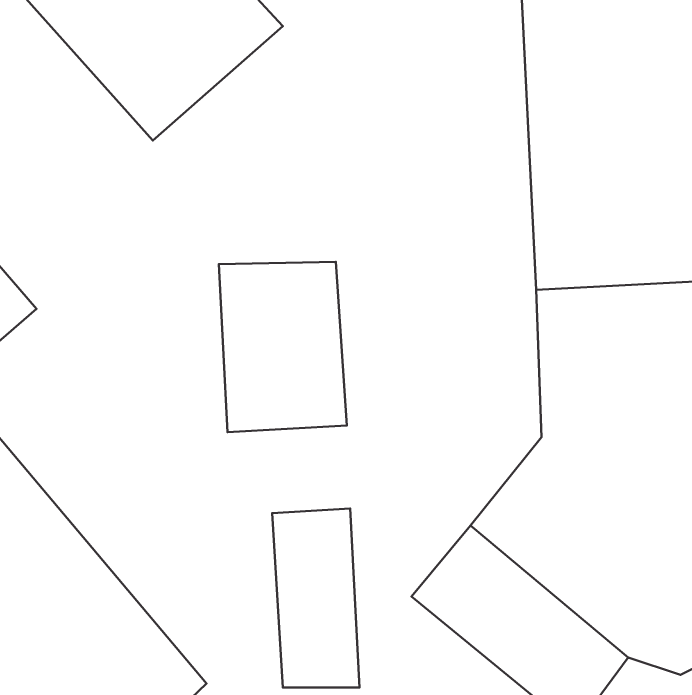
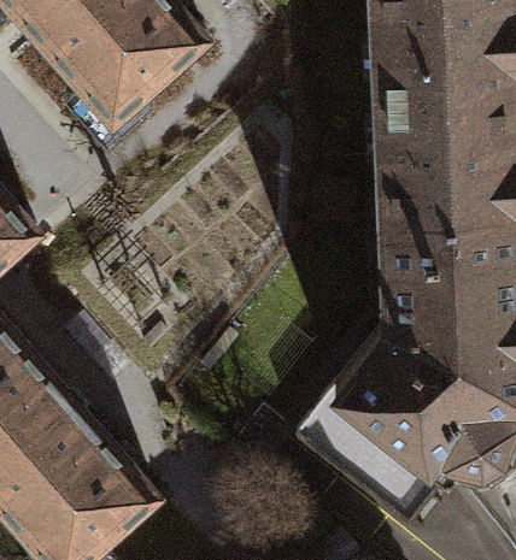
building: [219,262,347,432] -> none
building: [272,509,359,687] -> none

